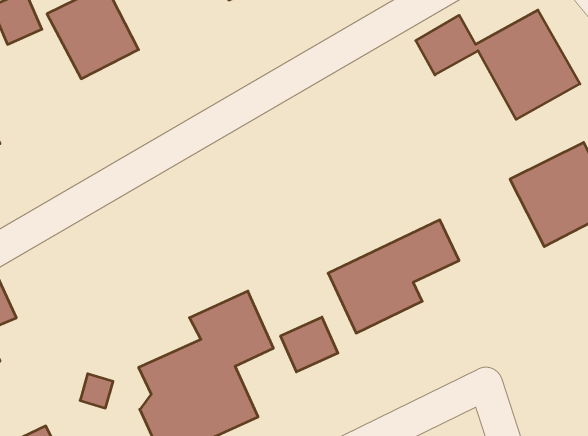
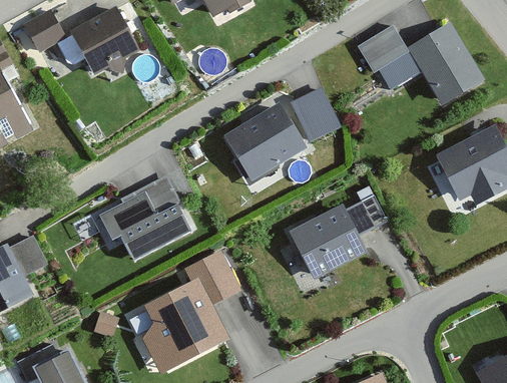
building: none -> [221,81,342,179]
building: none -> [96,175,194,262]
building: [281,317,338,372] -> none

